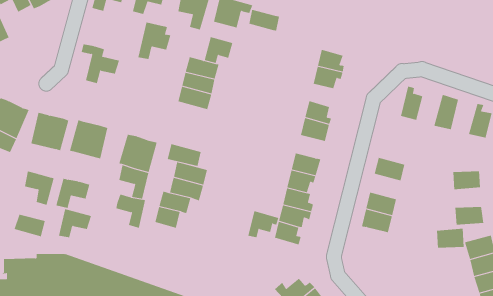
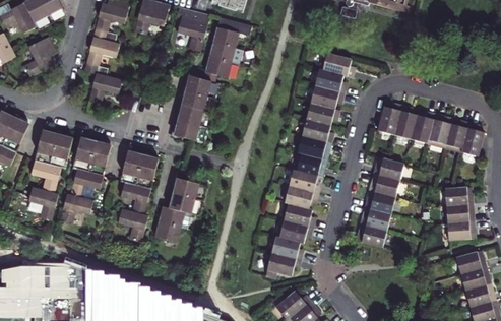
building: [248,9,280,31] -> [209,42,240,63]
building: none -> [23,36,57,77]
building: [138,22,171,59] -> [86,28,119,65]
building: none -> [317,52,349,76]
building: none -> [305,102,333,124]
building: none -> [376,102,400,133]
building: none -> [410,111,434,142]
building: none -> [443,117,467,150]
building: none -> [292,151,321,175]
building: none -> [372,155,402,180]
building: [167,143,201,166] -> [174,119,207,141]
building: none -> [32,159,61,192]
building: none -> [364,189,394,213]
building: [58,209,92,238] -> [71,168,104,196]
building: [248,210,279,238] -> [265,251,296,277]
building: [14,214,46,237] -> none
building: [436,228,464,248] -> [445,202,473,221]

